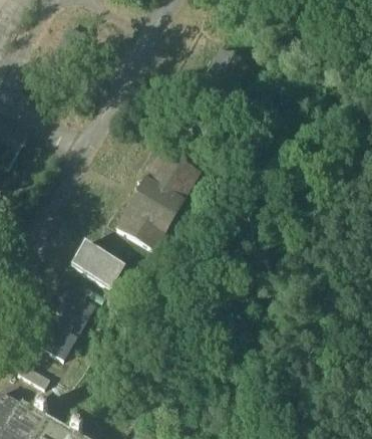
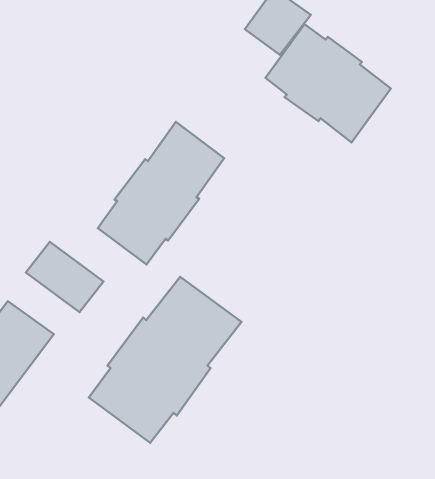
building: none -> [265,24,391,142]
building: none -> [89,277,241,443]

